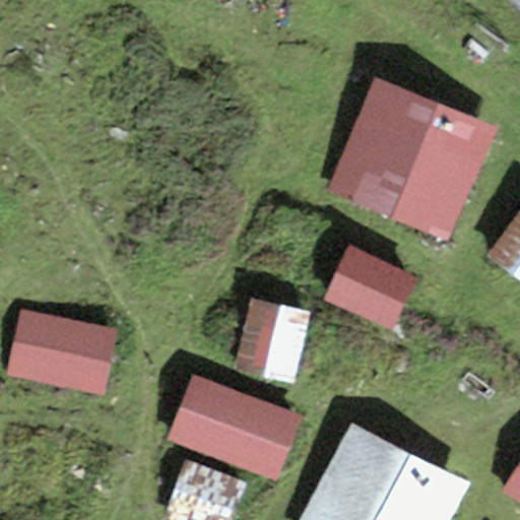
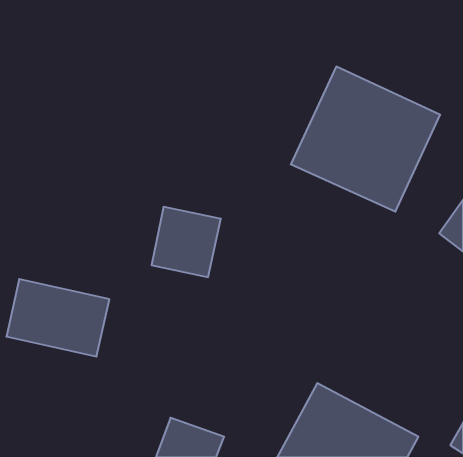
building: [320,246,420,336] -> none
building: [235,300,312,378] -> [152,207,221,277]
building: [171,375,304,478] -> none

